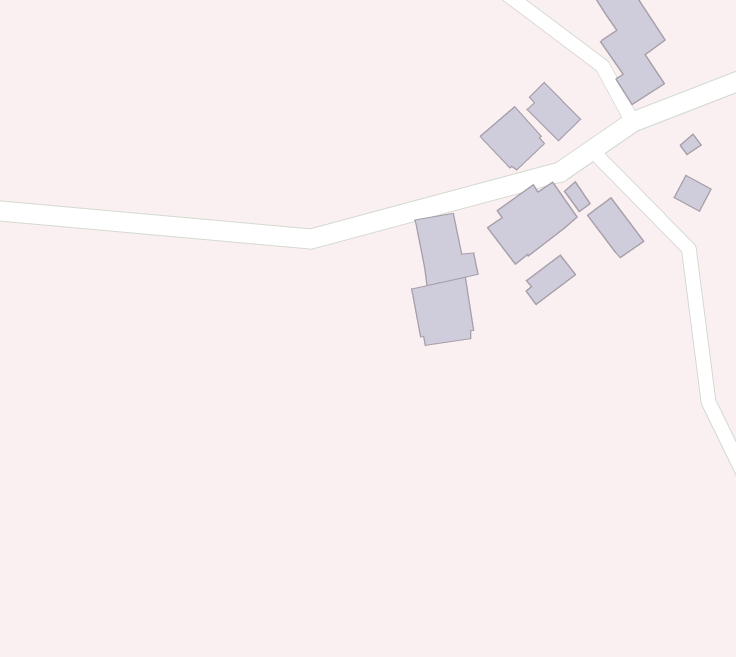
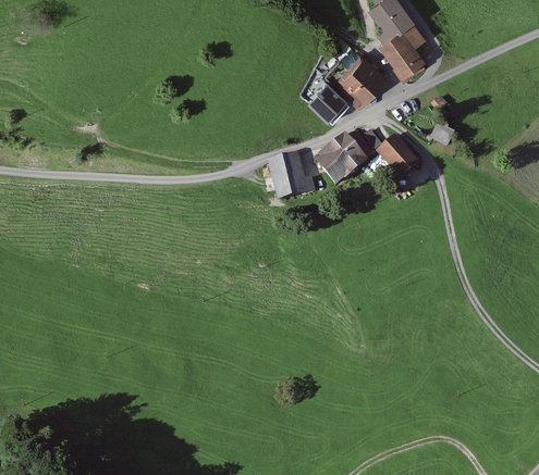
building: none -> [347,53,383,89]
building: [526,255,575,305] -> none
building: [412,277,474,346] -> none

